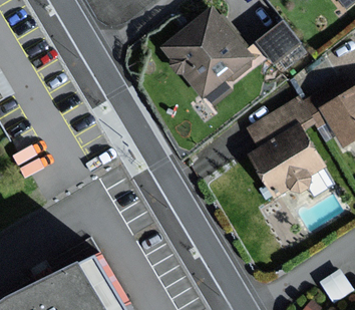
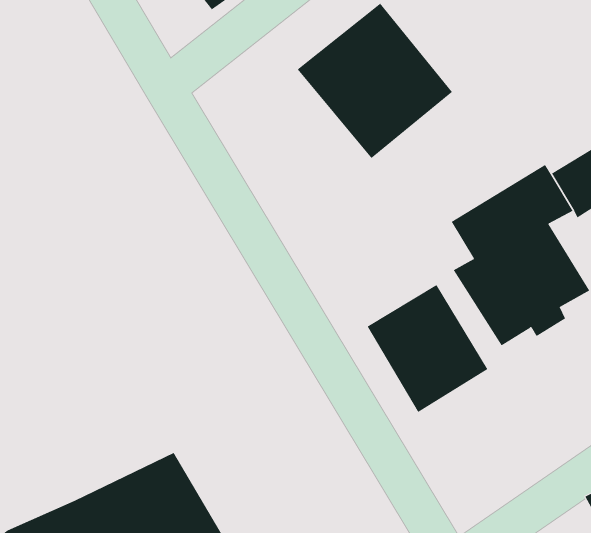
building: [256,23,297,62] -> none
building: none -> [367,284,488,413]

